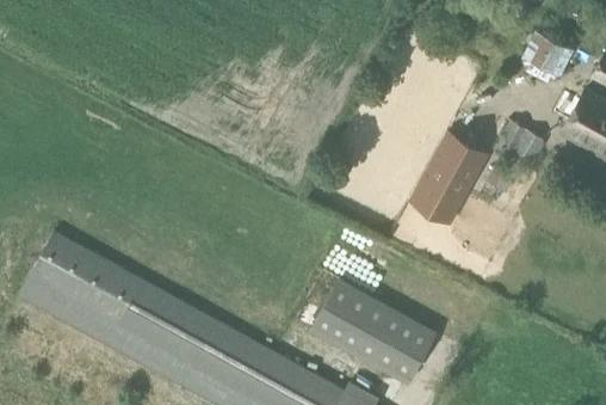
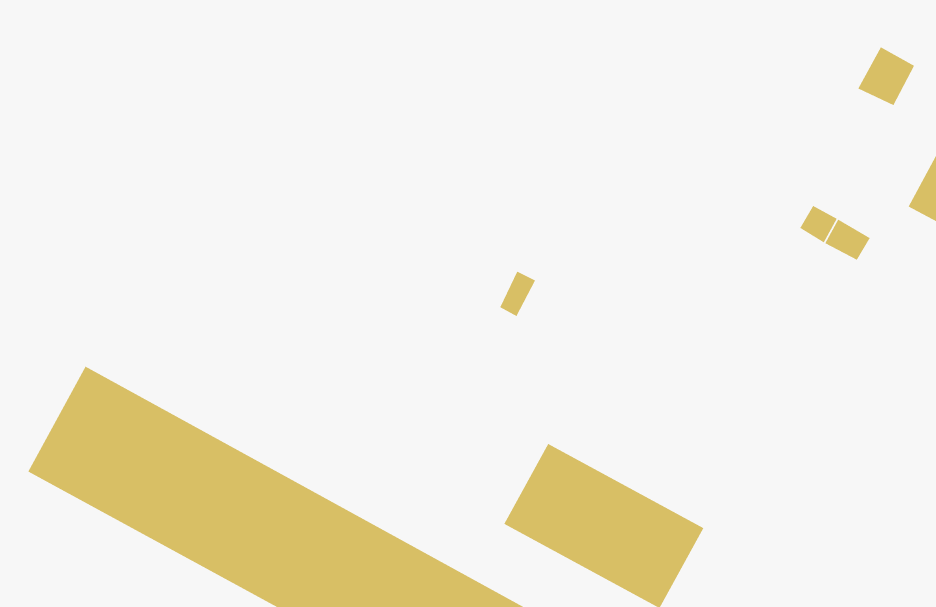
building: [412,131,488,220] -> none

